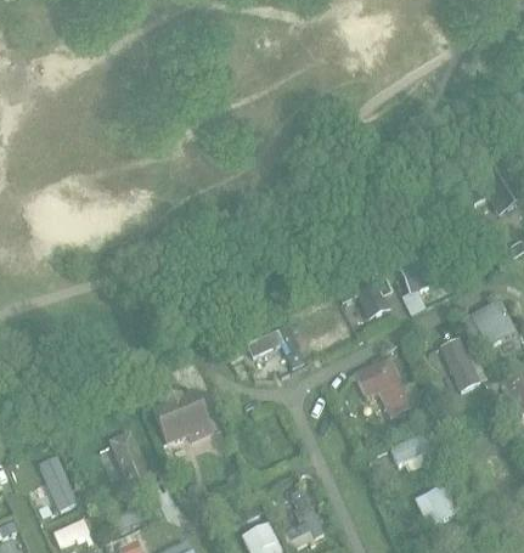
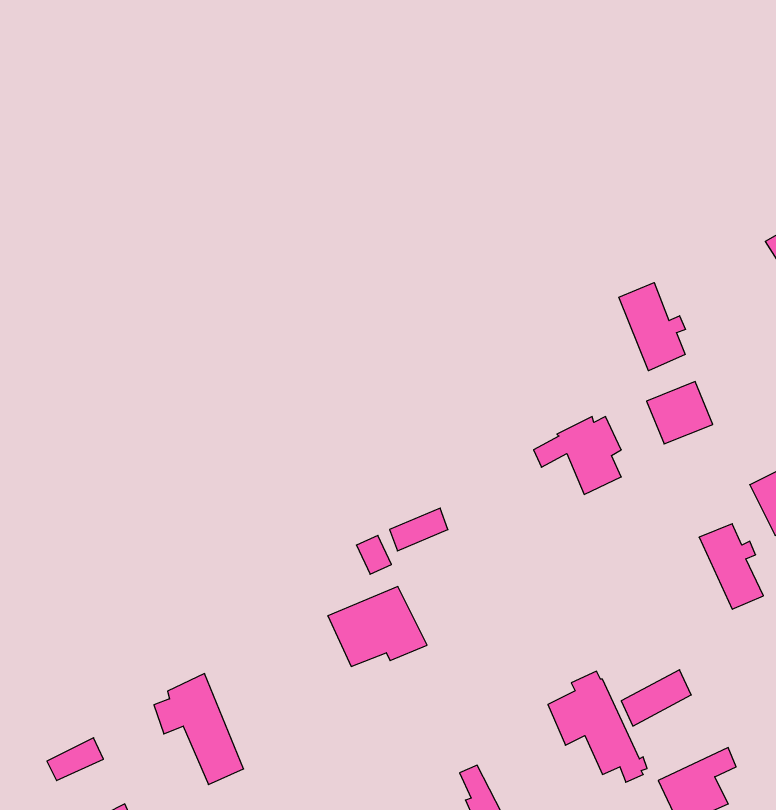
building: none -> [619,283,686,371]
building: [356,351,418,421] -> [548,671,647,782]
building: [151,397,213,447] -> [328,587,427,666]

